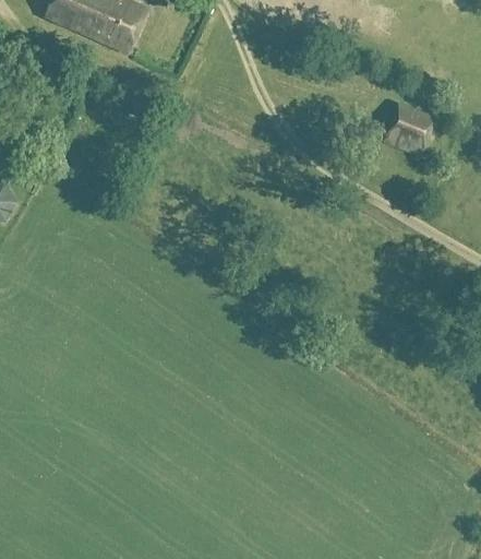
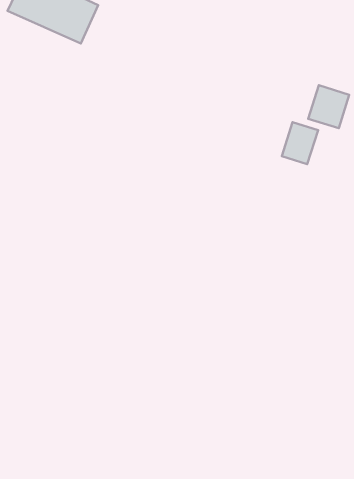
building: none -> [282,122,318,164]

